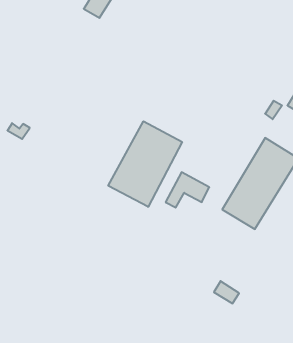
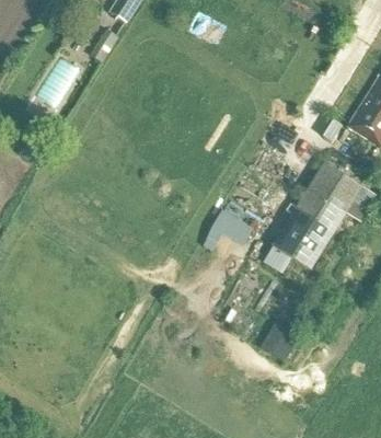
building: [108,121,182,207] -> none

